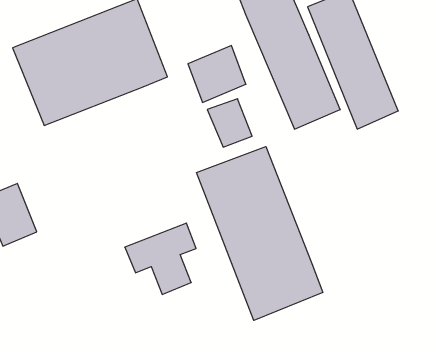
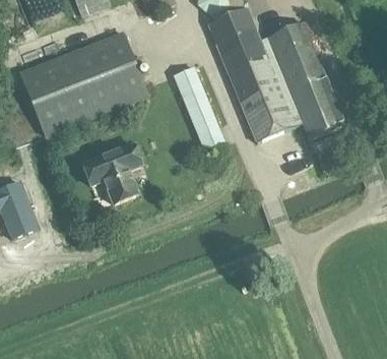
building: [197,147,323,320] -> none
building: [125,223,196,294] -> [82,143,142,203]

